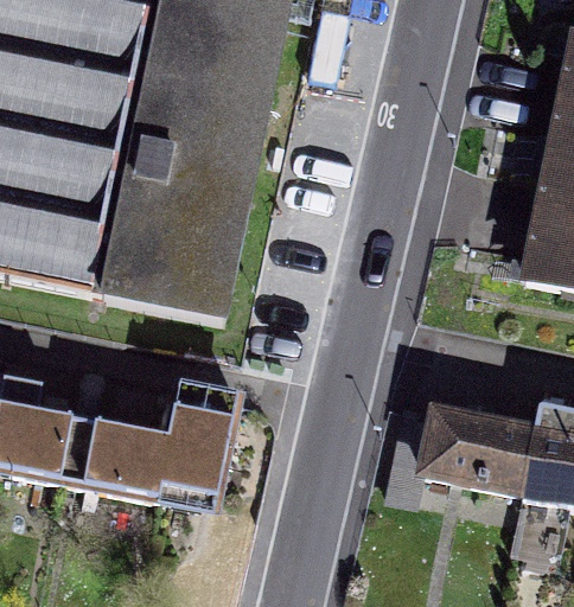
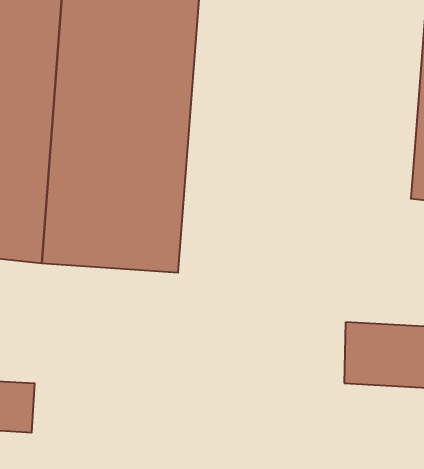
building: [82,397,232,519] -> none

